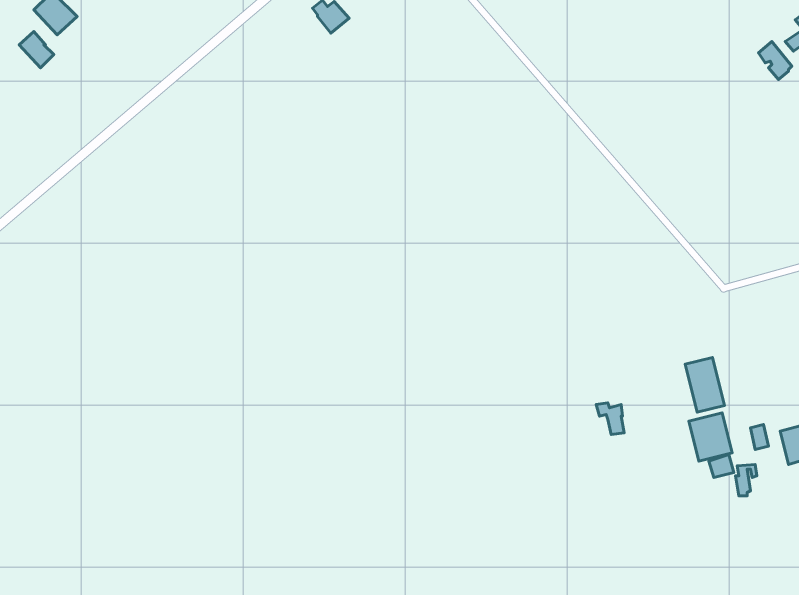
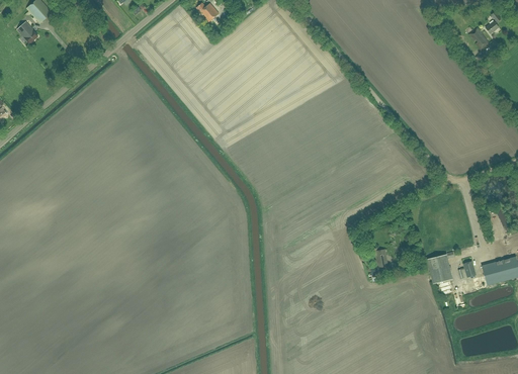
building: [685,357,725,412] -> none

